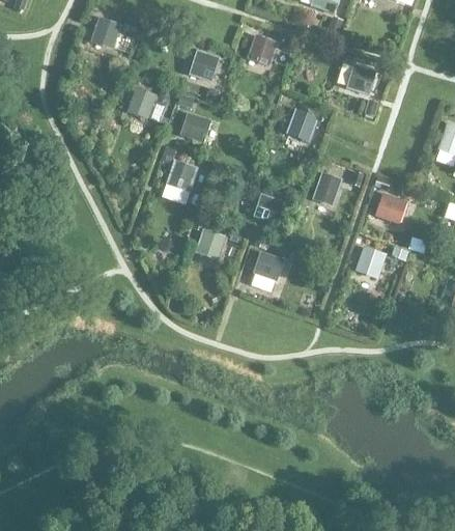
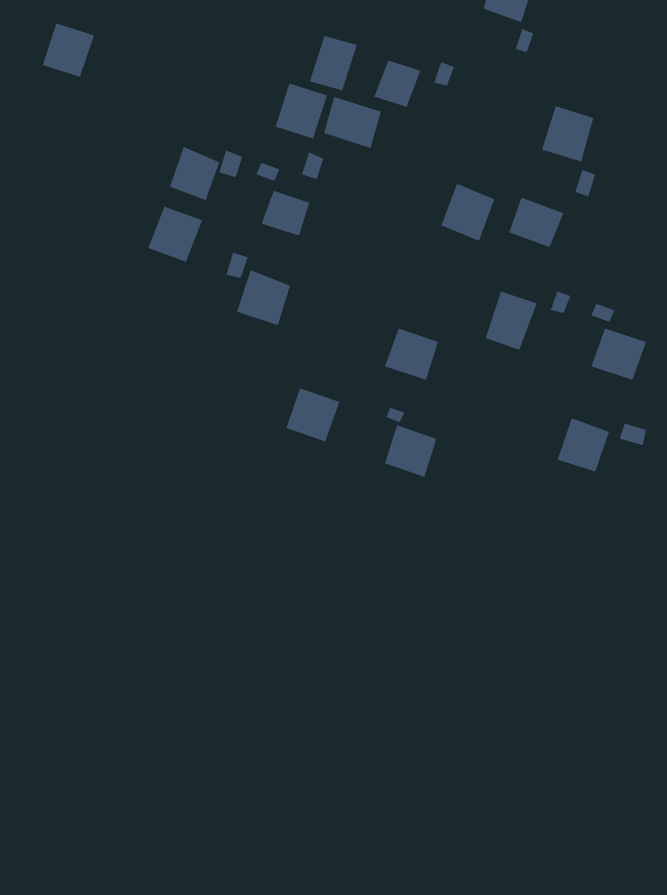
building: [90,17,121,49] -> [42,23,95,77]
building: none -> [309,35,357,91]
building: none -> [323,96,381,149]
building: none -> [508,197,564,248]
building: none -> [148,206,203,263]

